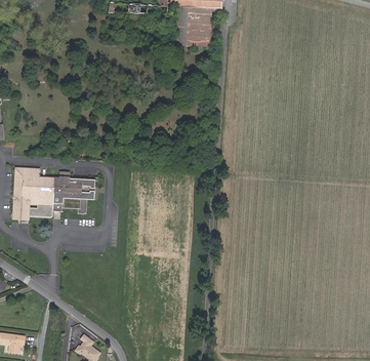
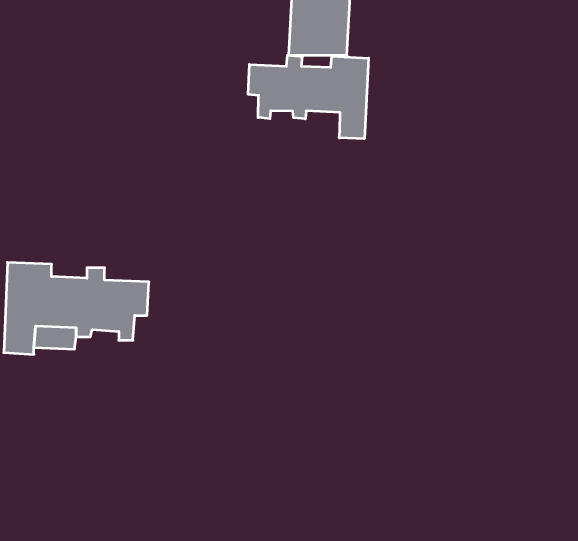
building: none -> [248,55,369,139]

